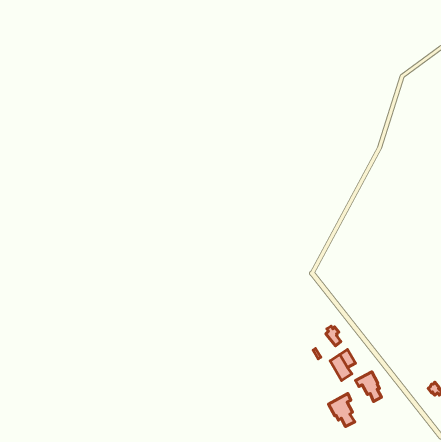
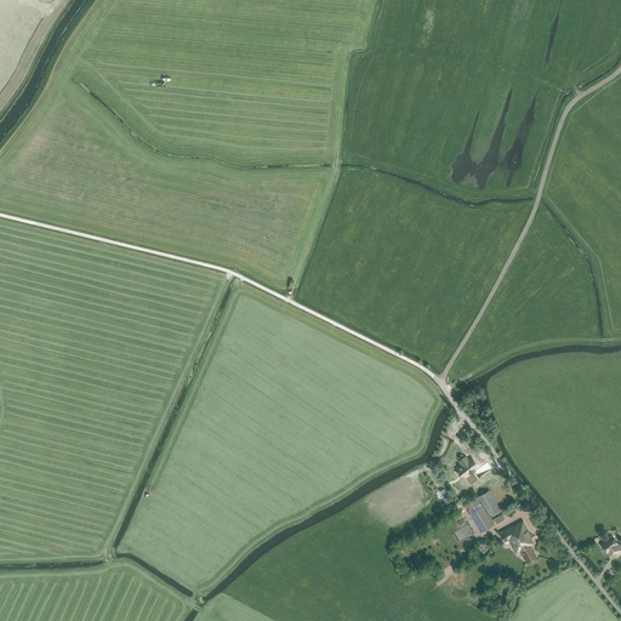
building: [329,394,355,427] -> none

